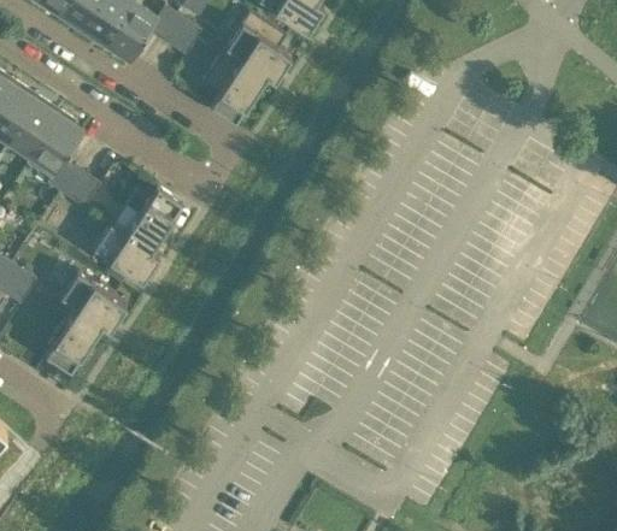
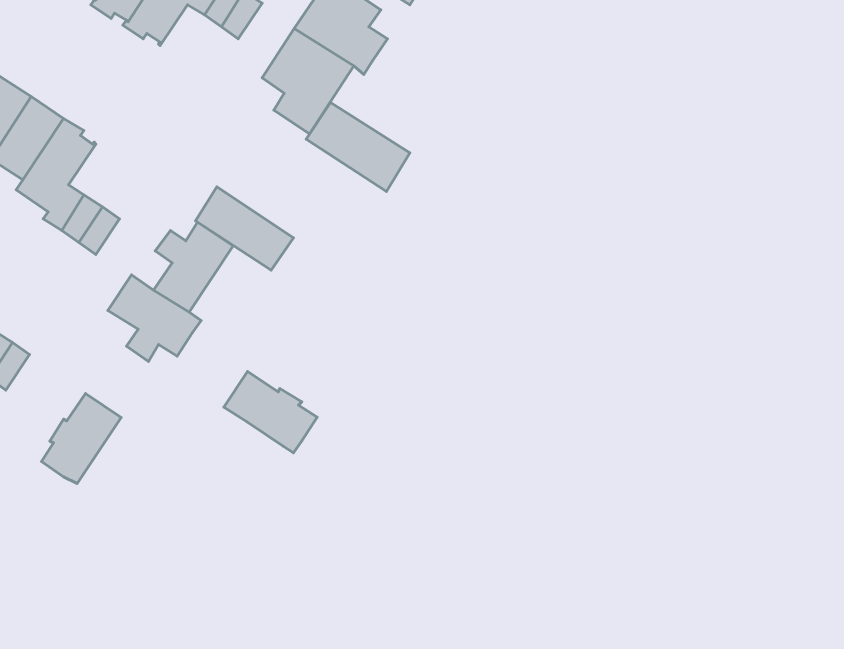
building: none -> [306,102,410,191]
building: none -> [196,187,293,270]
building: [60,271,127,329] -> [224,371,317,453]

